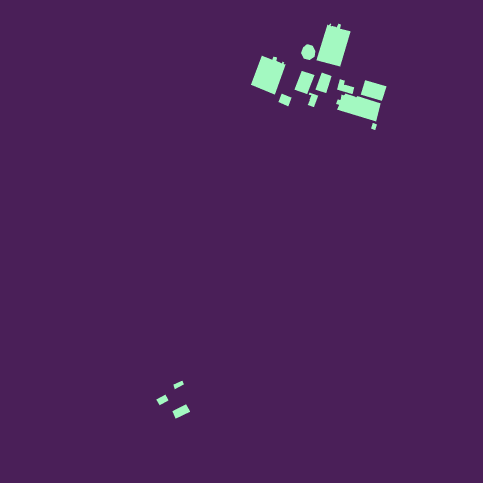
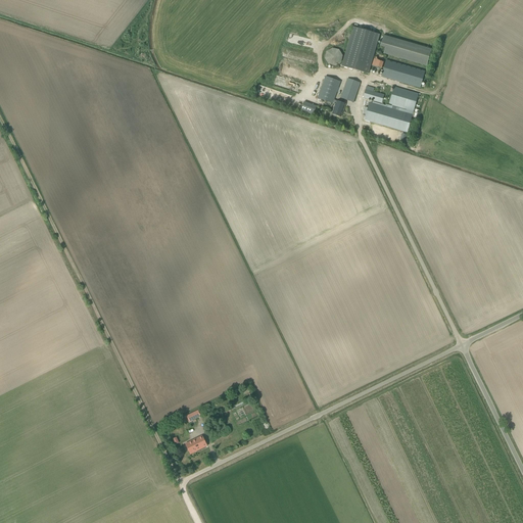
building: none -> [379,35,430,65]
building: none -> [380,58,424,87]
building: [250,55,287,95] -> none

